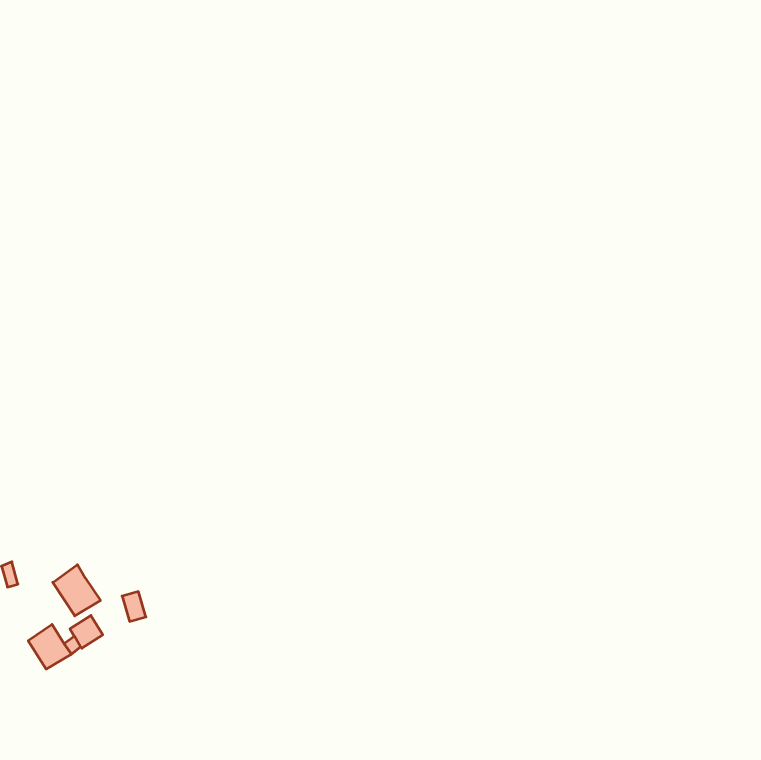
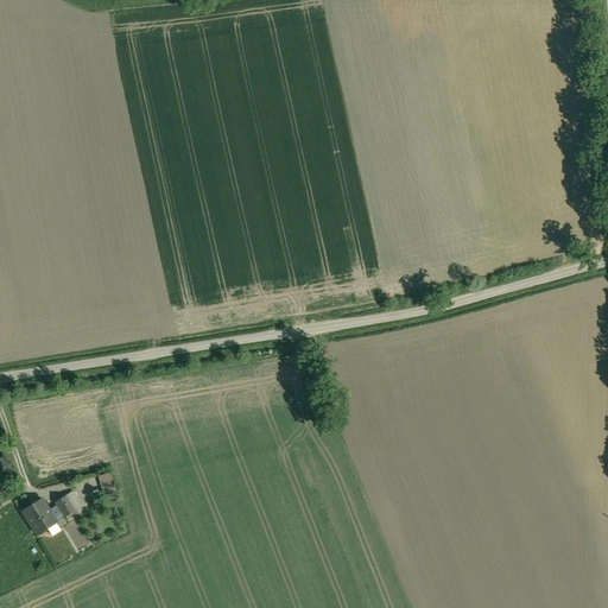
building: [53,565,100,616] -> none

